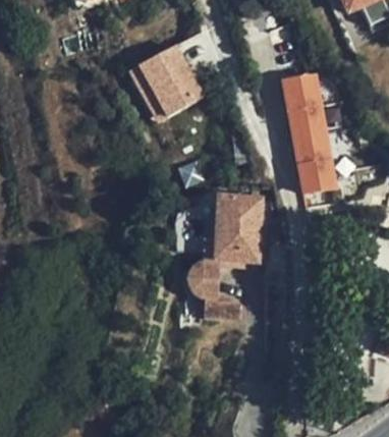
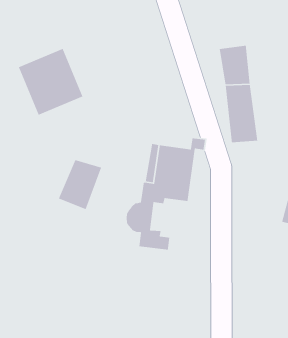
building: [130,42,208,121] -> [18,48,84,116]
building: none -> [58,159,102,210]

